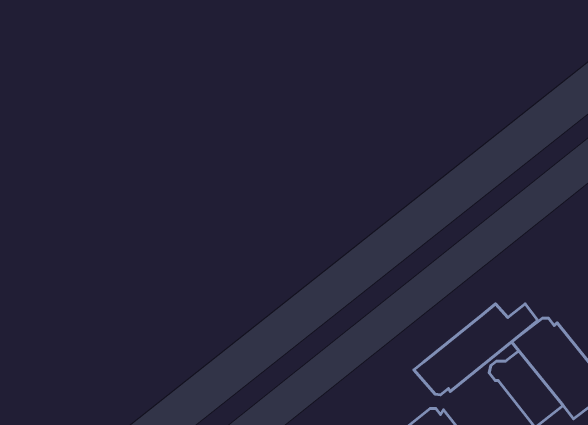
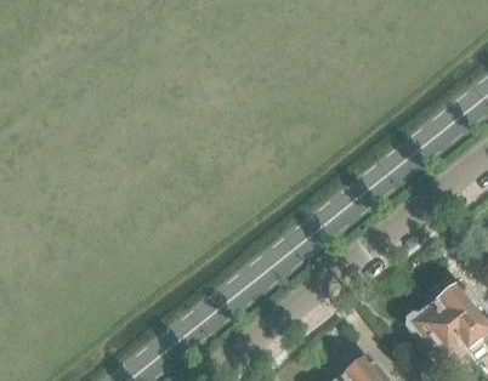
building: [414,304,538,395] -> none

